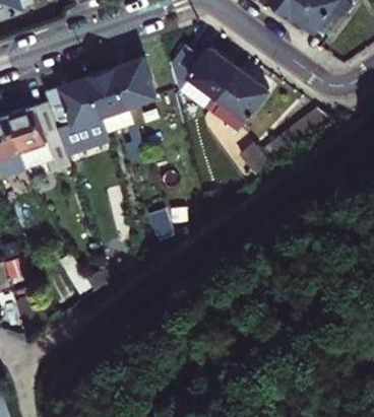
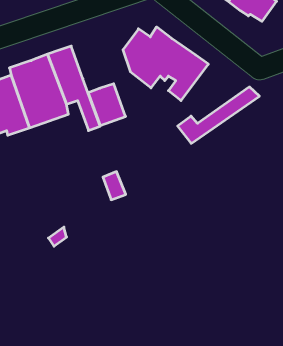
building: [112,56,153,102] -> [88,84,126,126]

